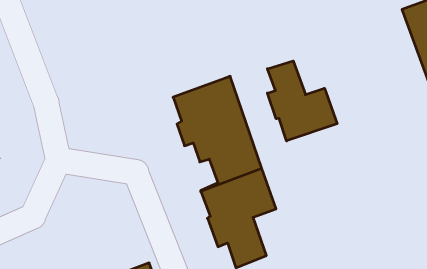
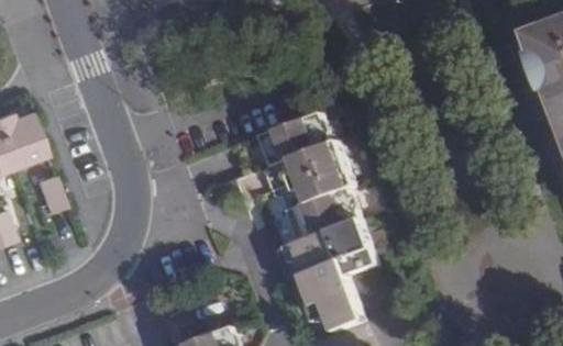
building: [267,61,337,141] -> none

